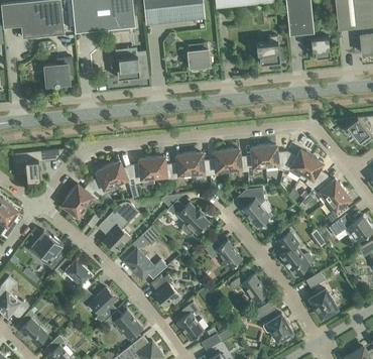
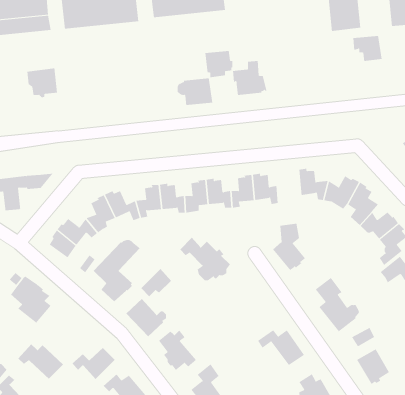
building: [255,36,284,65] -> [231,60,267,95]
building: [111,56,140,79] -> [177,78,213,105]
building: [246,145,265,178] -> none
building: [205,240,242,268] -> none
building: [55,257,93,286] -> [17,343,64,380]

